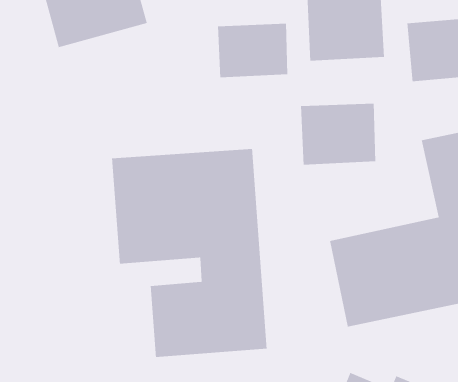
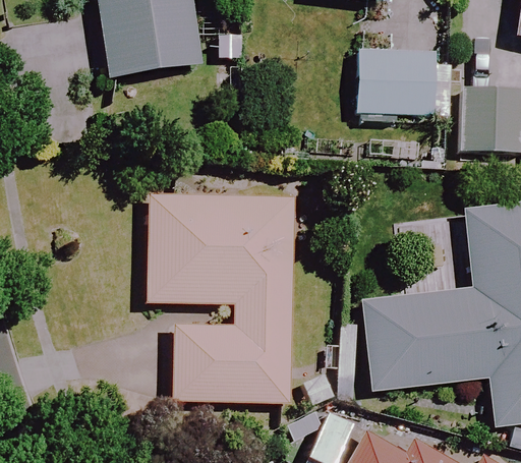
building: [217,23,288,78] -> none
building: [300,103,376,166] -> none

